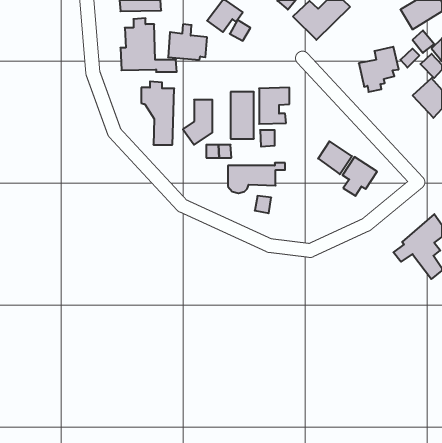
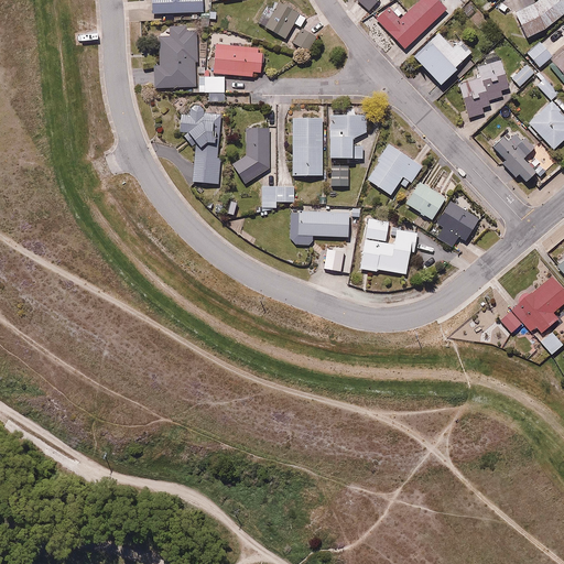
building: none -> [412,34,474,86]
building: none -> [489,129,535,183]
building: none -> [365,141,424,196]
building: none -> [359,216,417,272]

